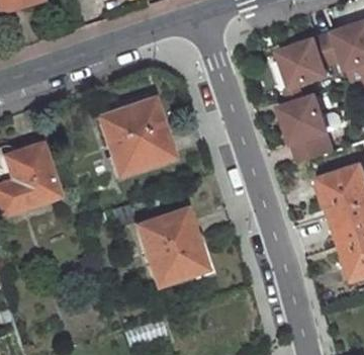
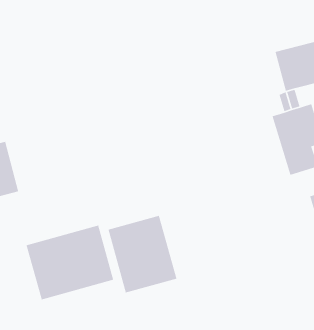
building: [94,99,167,173] -> none
building: none -> [26,225,114,300]

